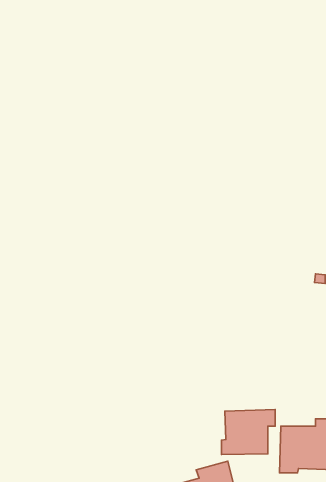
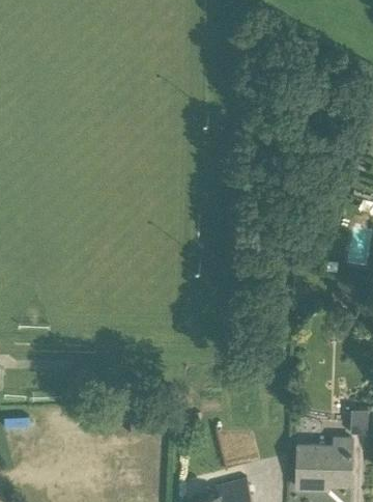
building: [222,409,275,455] -> none

